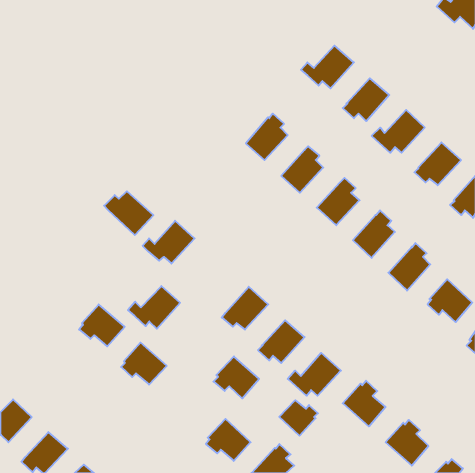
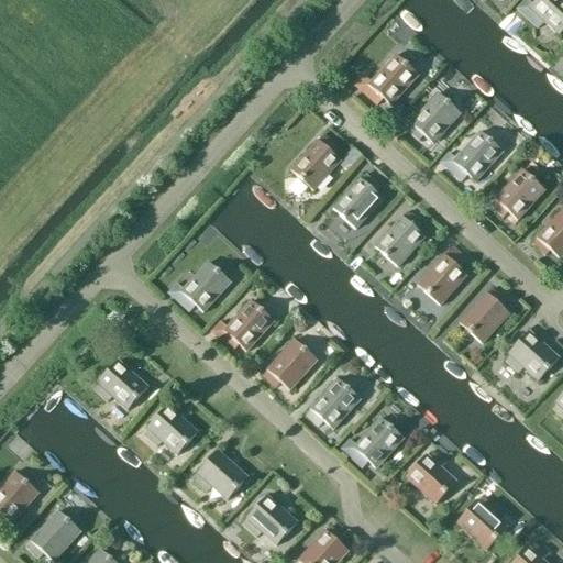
building: [104,191,153,235] -> none
building: [128,286,180,329] -> [212,300,274,351]
building: [213,356,259,398] -> [194,450,247,499]
building: [279,400,318,436] -> none

